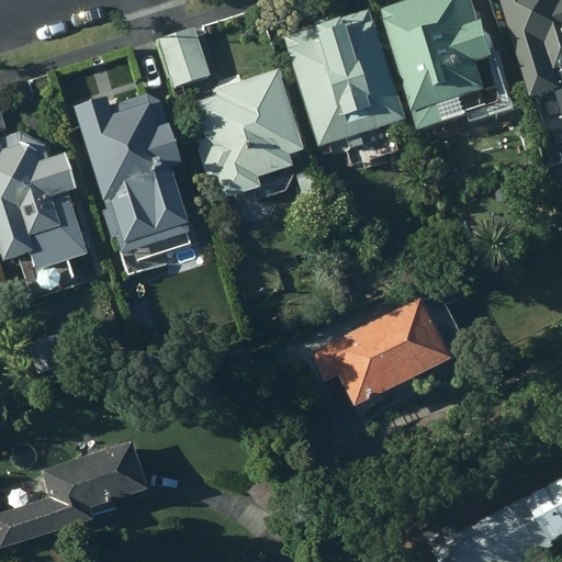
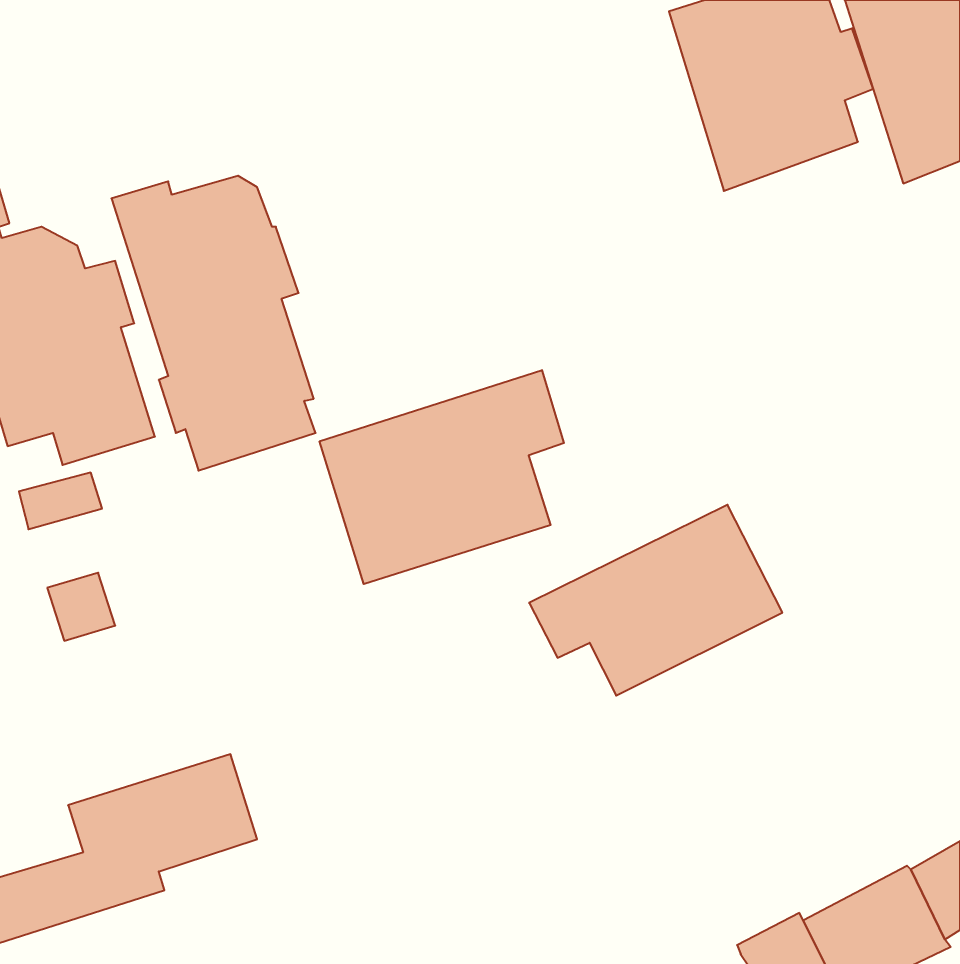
building: [286,7,407,147] -> none
building: [157,33,207,92] -> none
building: [195,69,305,198] -> none
building: none -> [320,370,564,584]

